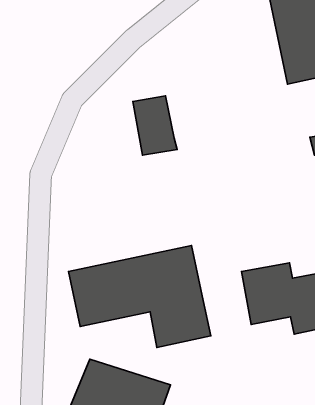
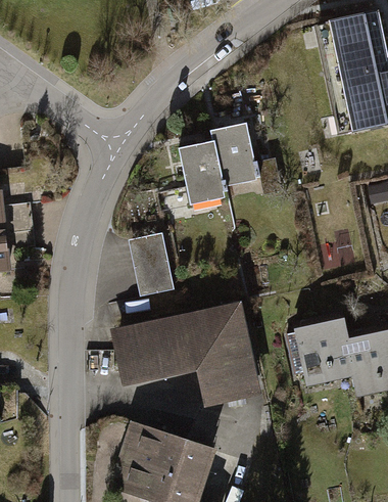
building: none -> [211,122,258,185]
building: none -> [129,236,173,298]

